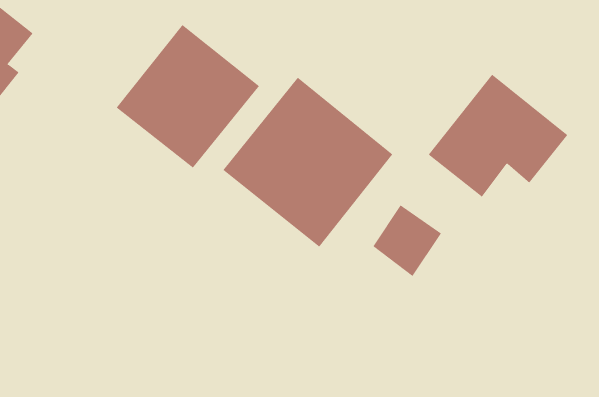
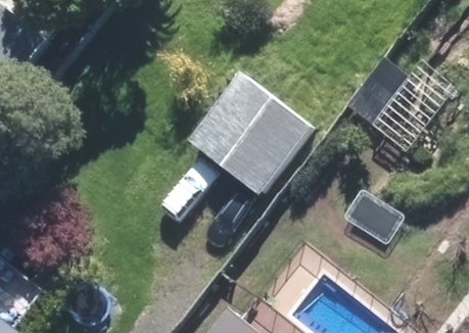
building: [116,24,260,168] -> none

